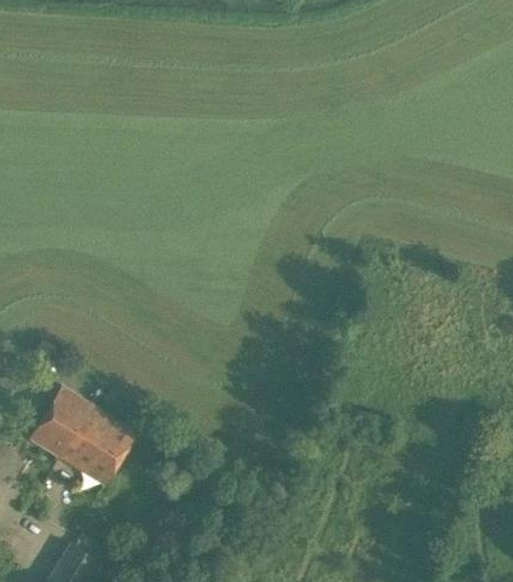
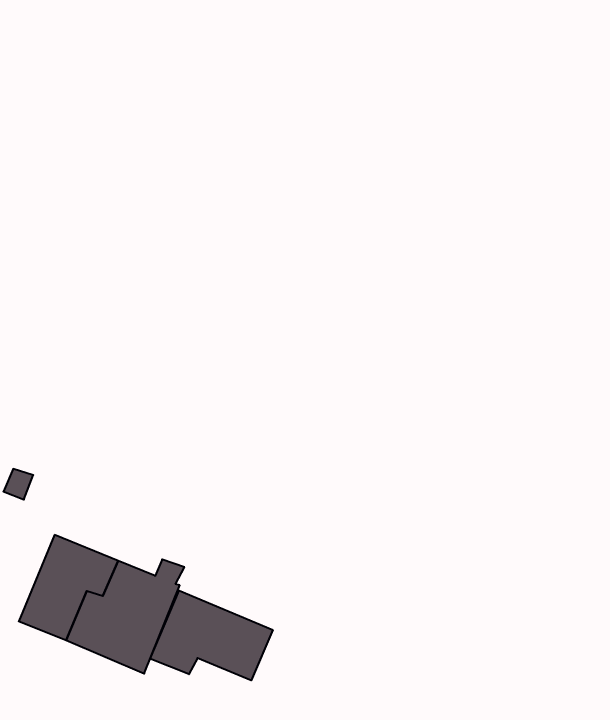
building: none -> [150,591,273,680]

